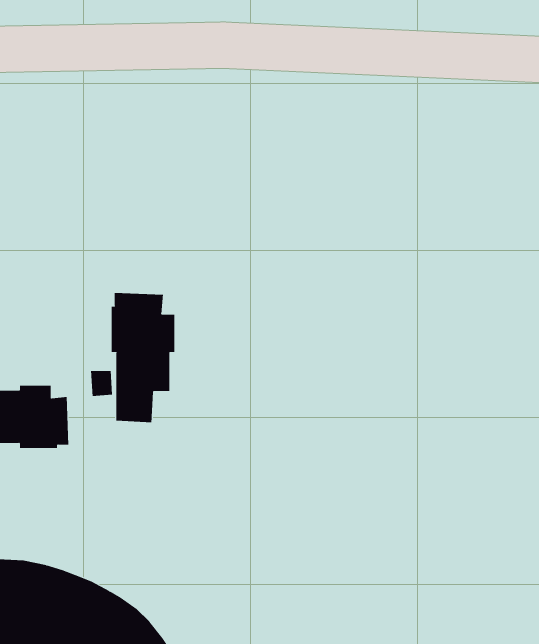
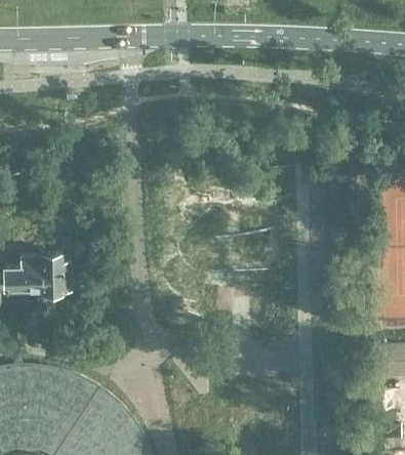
building: [111,292,175,423] -> none

